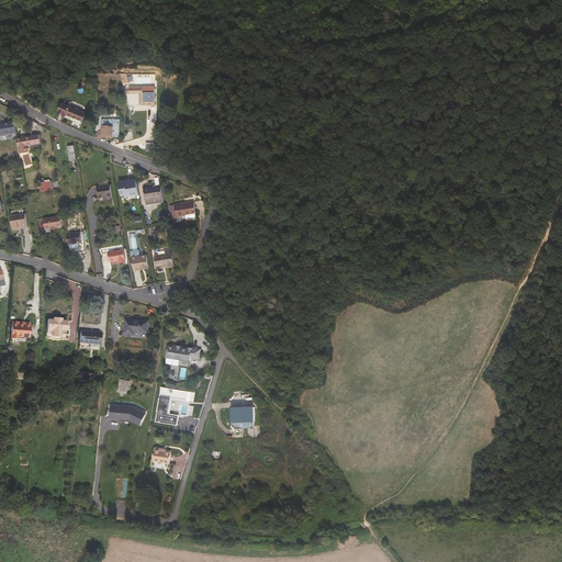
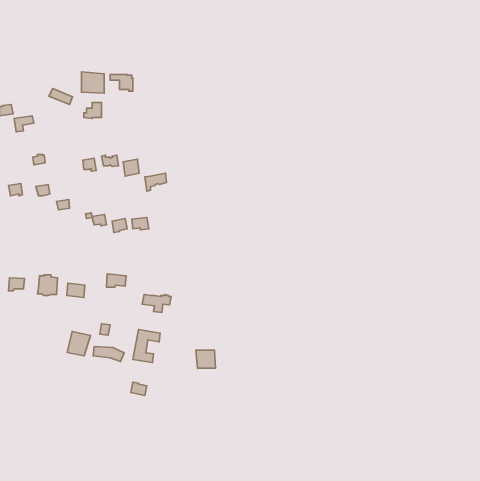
building: none -> [81,72,104,93]
building: none -> [67,332,90,356]

